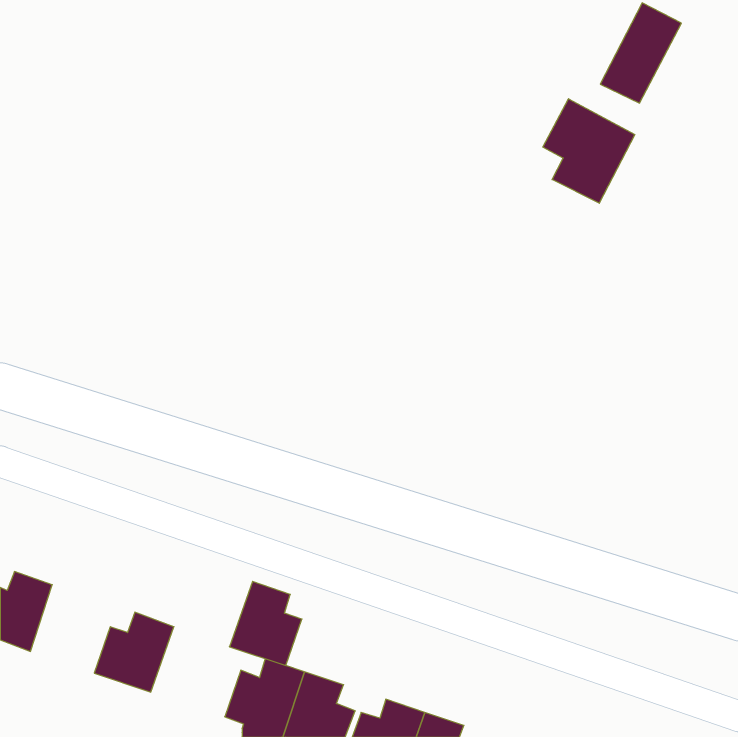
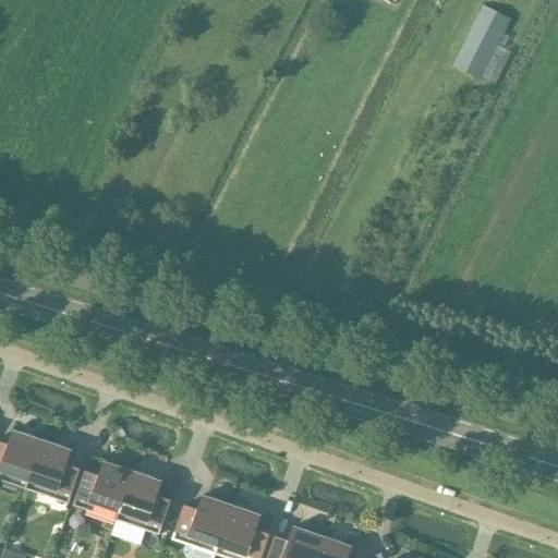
building: [543,99,635,203] -> none
building: [229,581,302,666] -> [116,471,170,534]
building: none -> [25,439,80,504]

